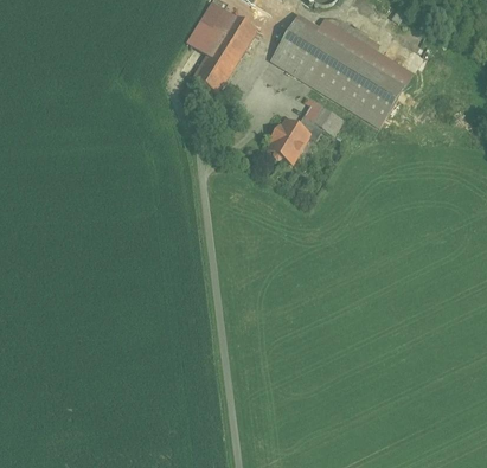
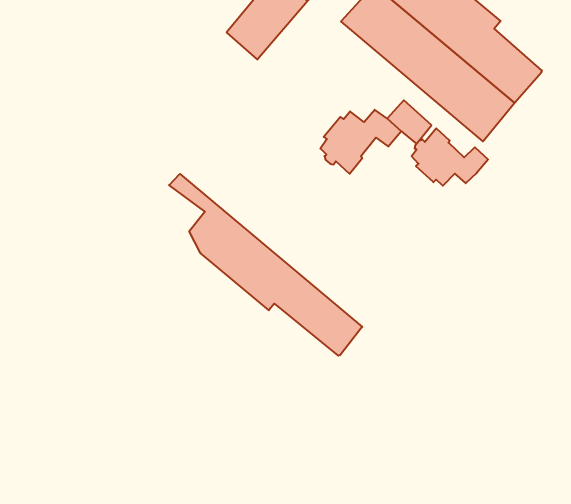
building: none -> [412,128,488,186]
building: none -> [169,174,362,356]

